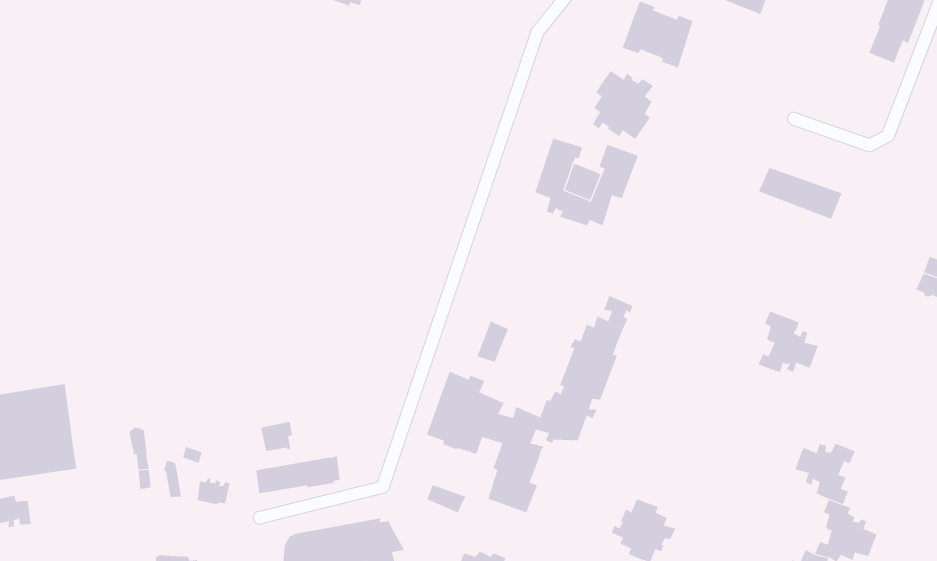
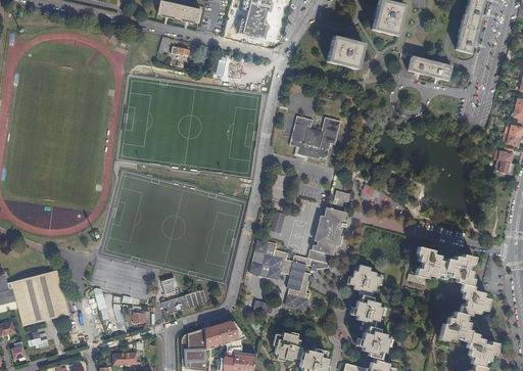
building: [592,70,654,140] -> none
building: [758,167,842,219] -> [408,55,451,79]
building: [757,311,818,373] -> [414,245,444,277]
building: none -> [348,264,381,296]

